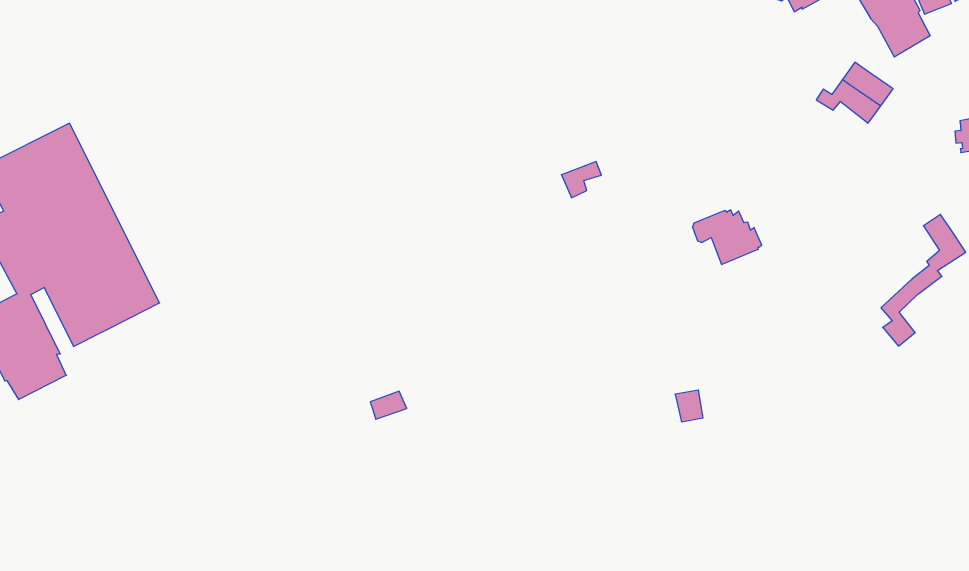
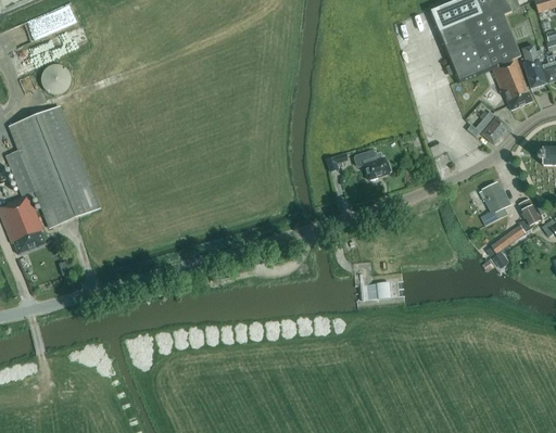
building: none -> [41,64,71,93]
building: none -> [480,182,510,224]
building: [692,210,762,265] -> [354,150,391,179]

